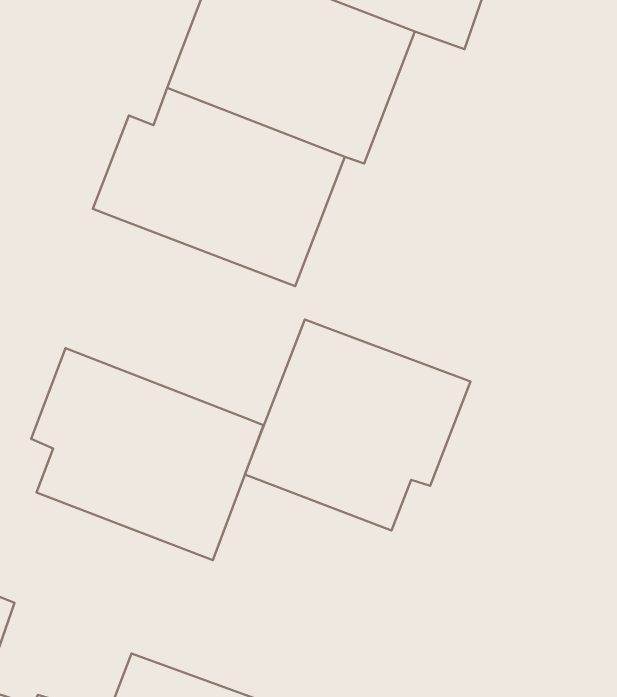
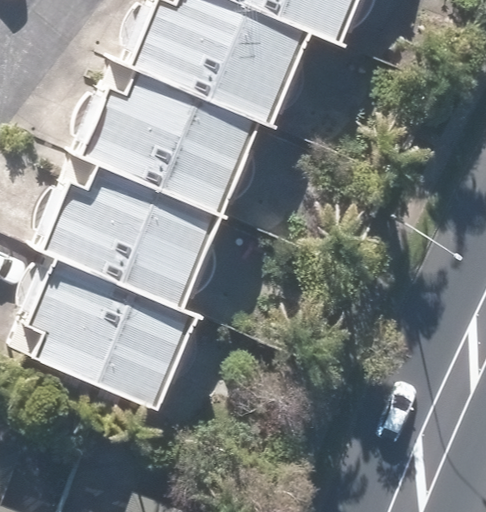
building: none -> [39,163,224,308]
building: [245,319,471,531] -> none

